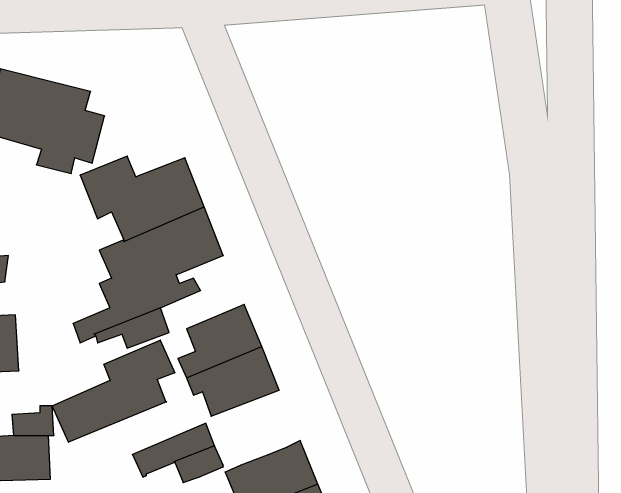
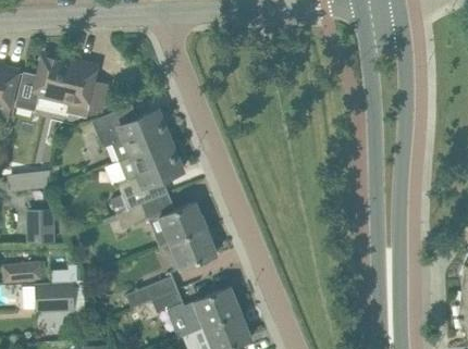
building: [52,340,175,442] -> none

